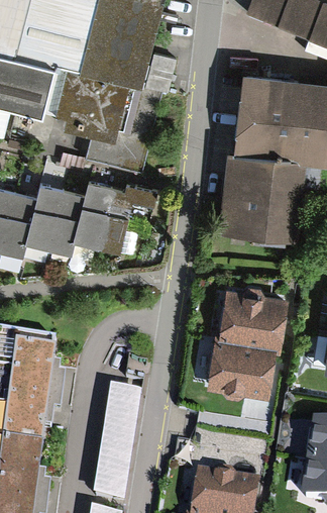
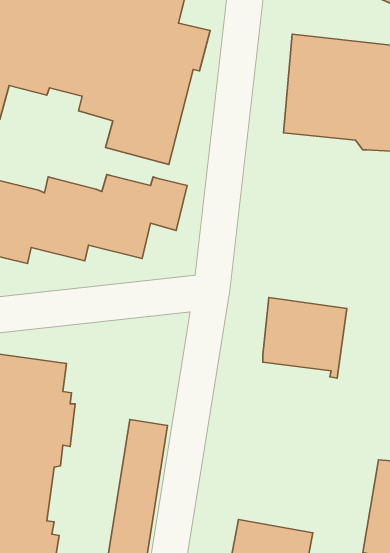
building: [221,147,305,239] -> none
building: [206,331,276,398] -> none

